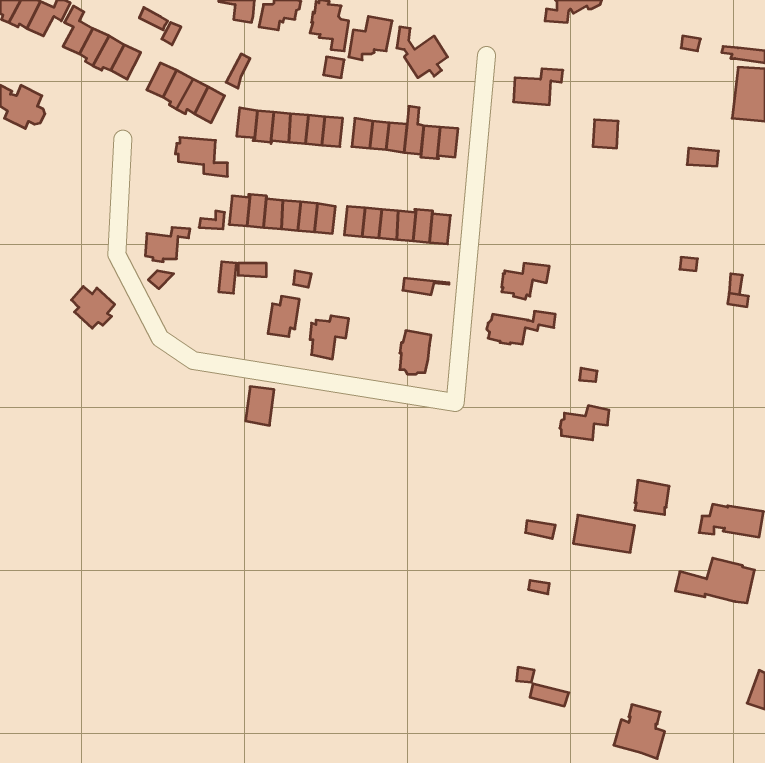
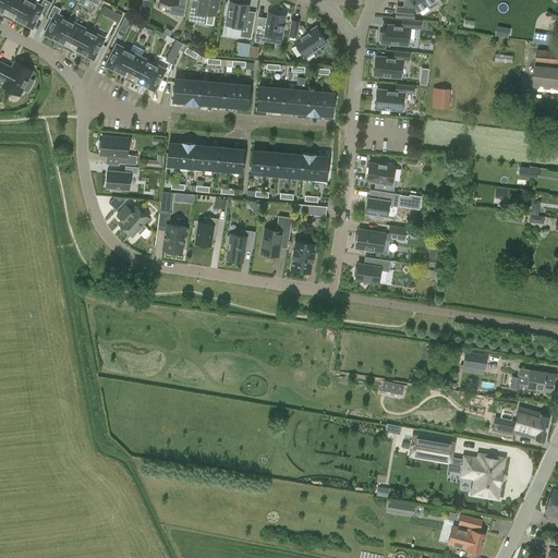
building: none -> [378,20,421,46]
building: none -> [375,85,414,111]
building: [175,137,228,176] -> [98,137,136,166]
building: none -> [366,163,395,192]
building: [71,286,115,328] -> [117,206,148,236]
building: none -> [260,217,292,257]
building: [246,387,274,425] -> [163,225,184,253]
building: [560,406,609,440] -> [354,258,390,283]
building: [573,515,635,552] -> [410,436,454,463]
building: none -> [461,454,502,498]

